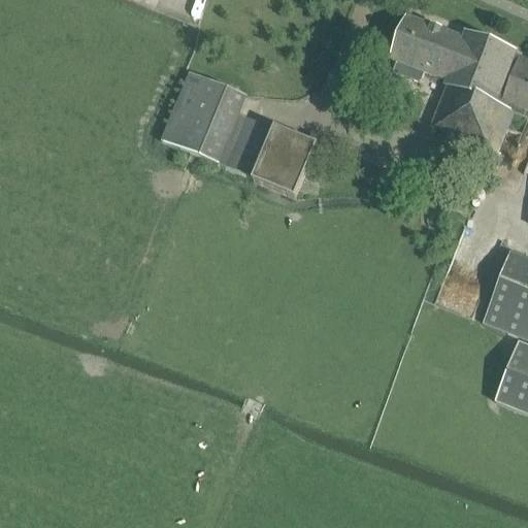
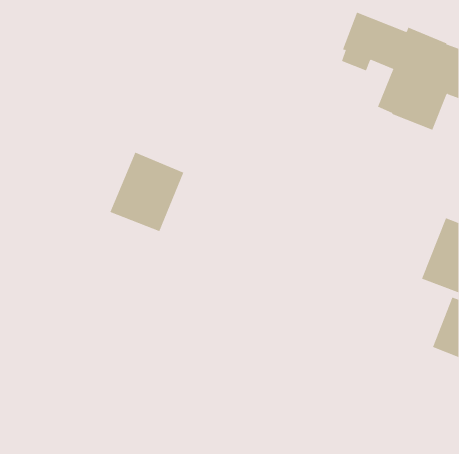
building: [162,69,248,161] -> [110,152,184,232]
building: [227,114,319,195] -> none

